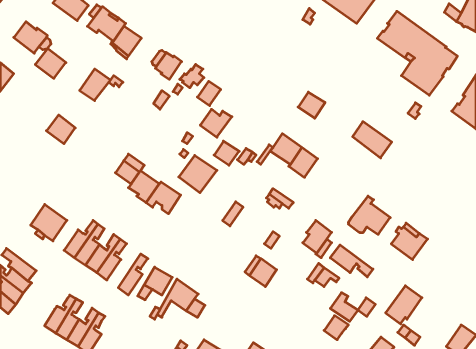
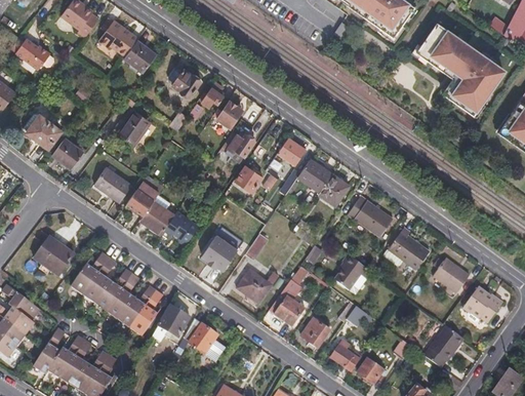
building: [35,49,66,78] -> [27,115,60,148]
building: [80,69,110,101] -> [117,110,151,145]
building: [298,92,325,118] -> [277,137,307,166]
building: [353,122,392,158] -> [350,195,393,235]
building: none -> [93,167,131,202]
building: [179,155,217,193] -> [200,233,242,274]
building: none -> [237,269,279,304]
building: [330,245,373,277] -> none
building: none -> [118,286,155,327]
building: none -> [463,287,503,322]
building: none -> [301,318,330,347]
building: none -> [34,327,65,373]
building: [330,293,358,321] -> [330,340,361,371]

